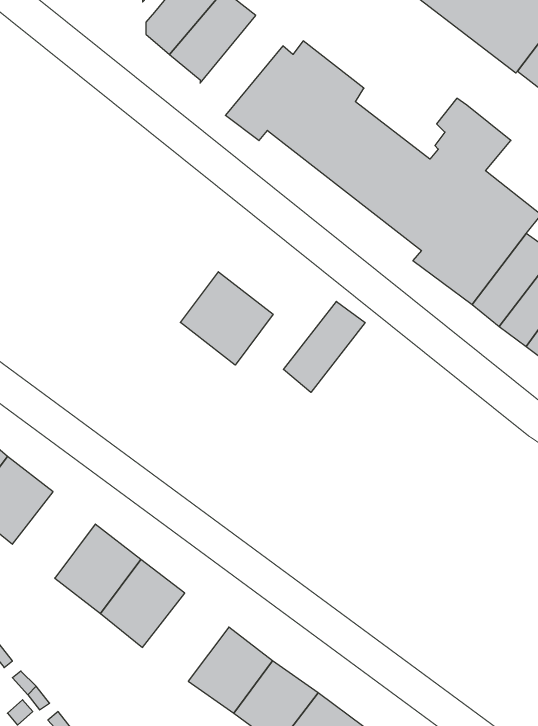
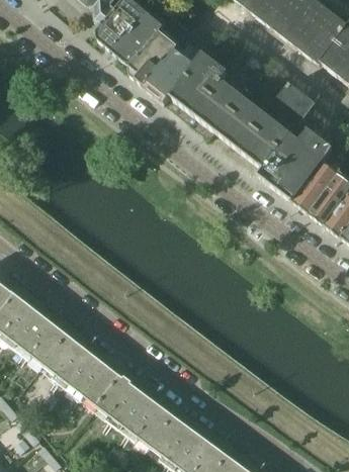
building: none -> [128,27,180,87]
building: [180,272,273,365] -> none
building: [283,301,365,392] -> none
building: none -> [16,312,66,364]
building: none -> [94,373,146,426]

